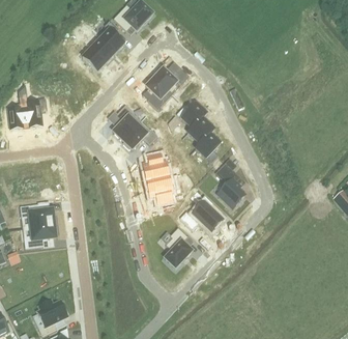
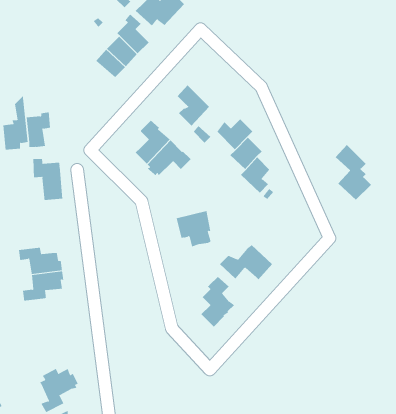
building: [154,64,188,92] -> none
building: none -> [33,158,63,201]
building: [142,151,170,180] -> none
building: [215,162,244,206] -> [335,144,372,201]

